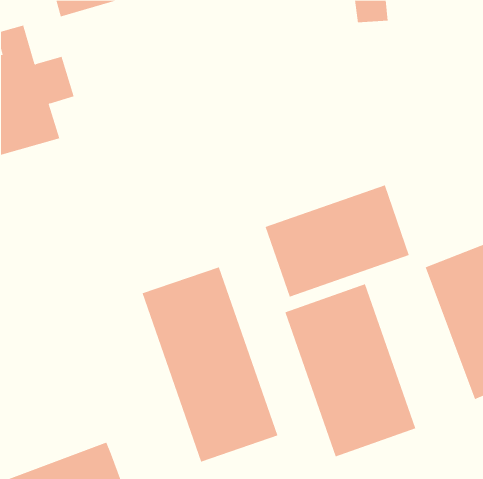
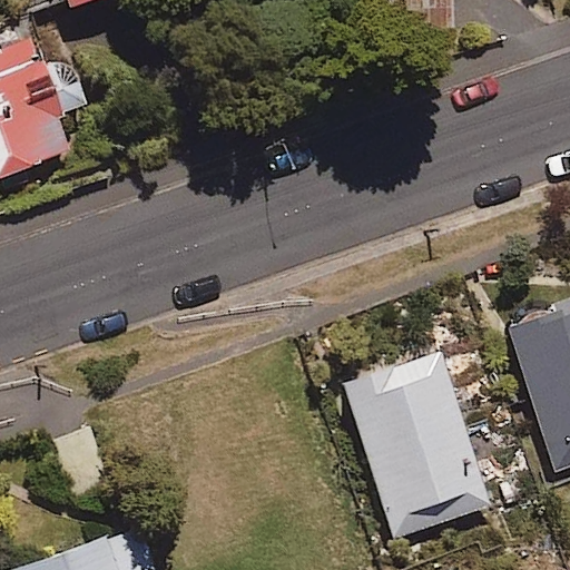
building: [265,185,410,297] -> none
building: [142,266,278,463] -> none

